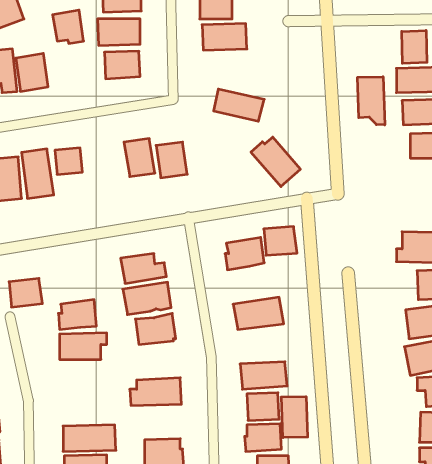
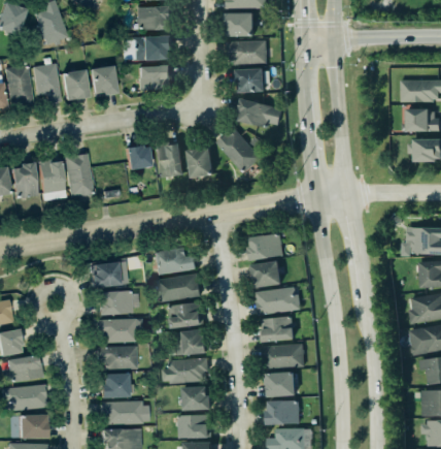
building: [53,10,84,43] -> [89,65,116,95]
building: [402,30,427,63] -> none
building: none -> [235,68,265,92]
building: [358,77,385,125] -> none
building: [251,137,300,187] -> [215,128,260,172]
building: [55,148,82,174] -> [126,145,150,168]
building: [264,227,297,255] -> [251,261,281,287]
building: [9,278,42,307] -> [90,261,120,287]
building: none -> [259,315,294,343]
building: none -> [174,329,206,355]
building: none -> [98,345,136,368]
building: none -> [99,373,128,398]
building: [281,397,308,438] -> none
building: none -> [181,386,209,411]

